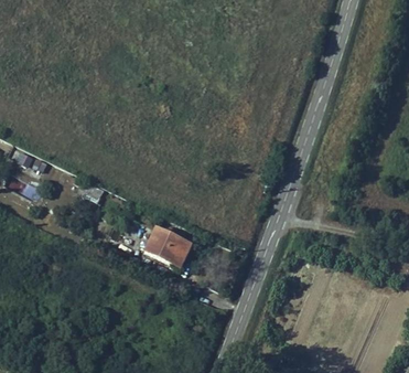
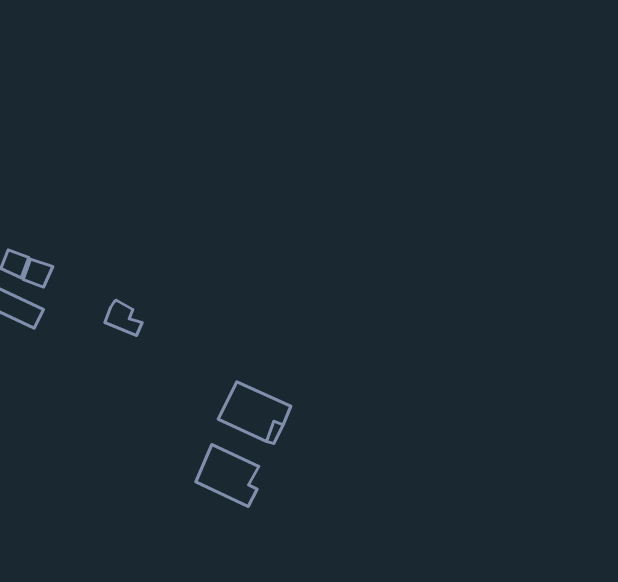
building: none -> [196,445,259,507]

